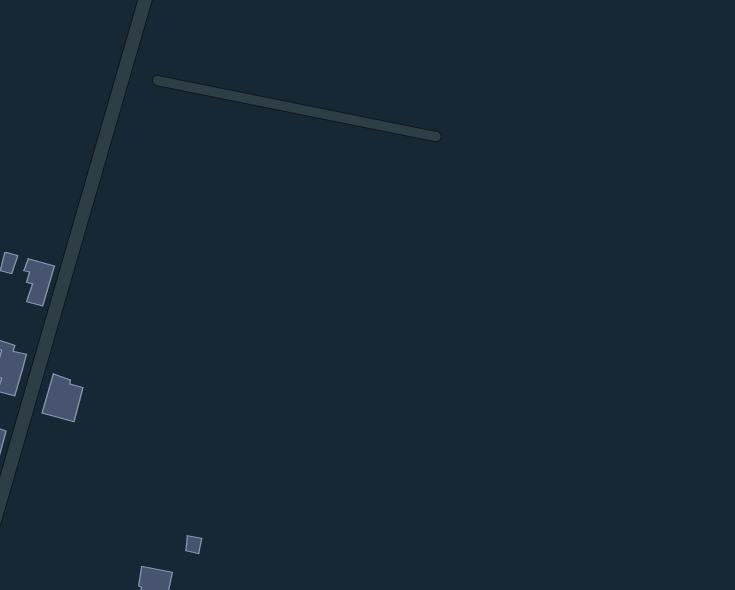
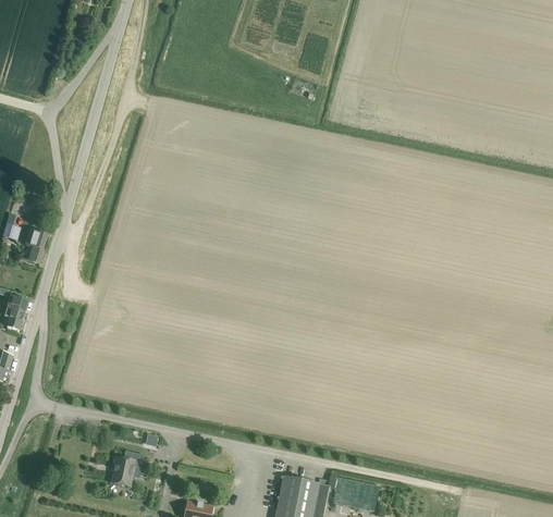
building: [42,374,83,422] -> none

